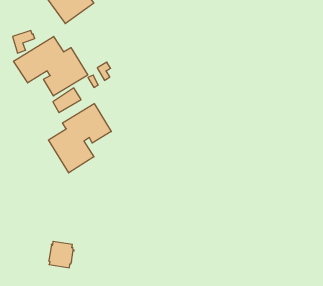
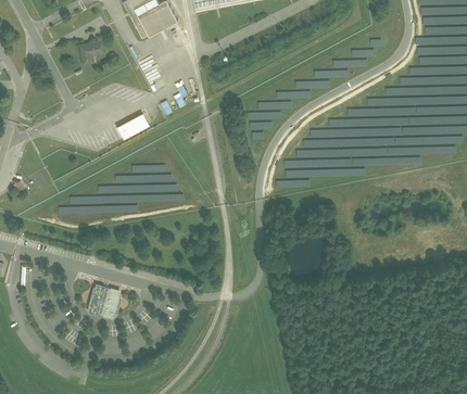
building: [14,36,88,96] -> none
building: [48,104,111,173] -> none

